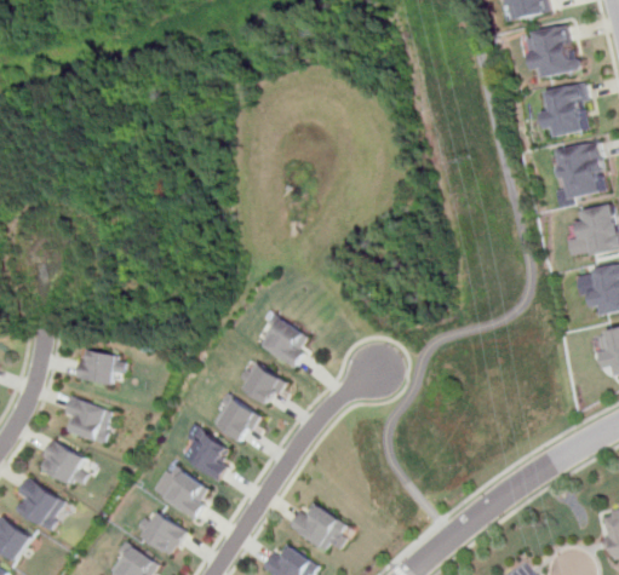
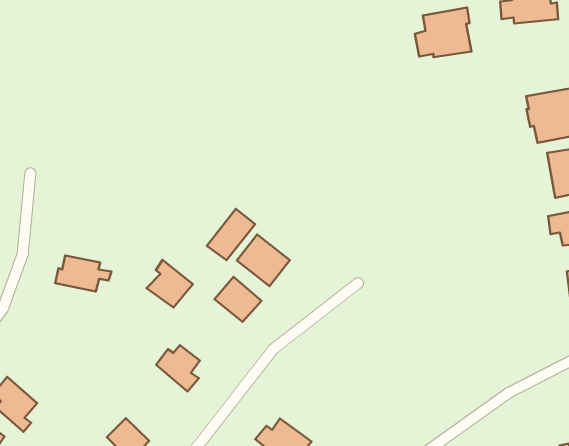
building: [526,86,585,139] -> [415,8,471,57]
building: none -> [207,209,255,260]
building: [214,392,262,441] -> [146,260,193,308]
building: [64,397,113,443] -> none
building: [40,441,87,485] -> none
building: [150,460,207,519] -> none

